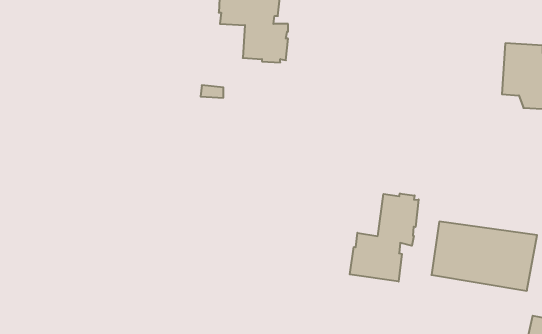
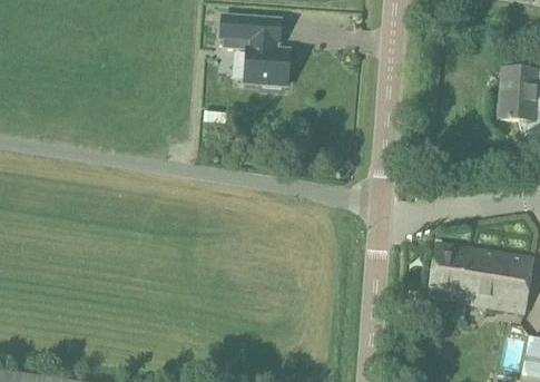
building: [350,193,419,282] -> none

